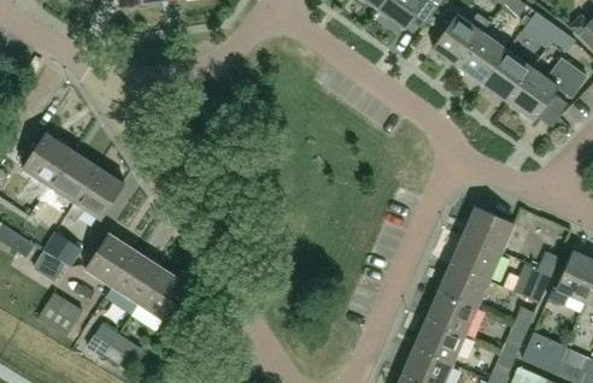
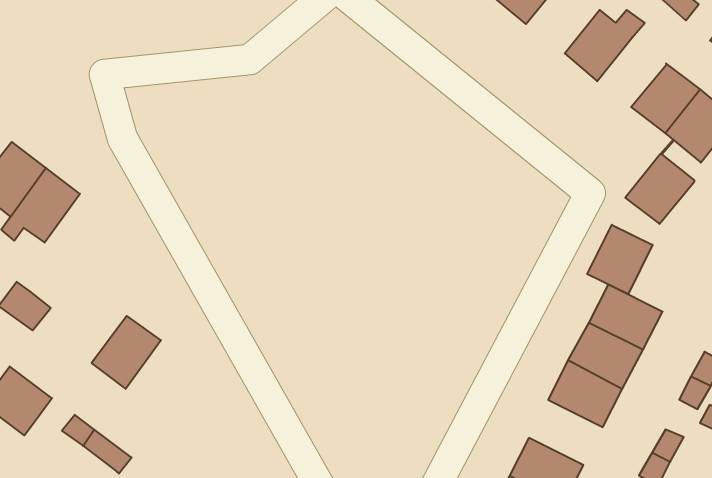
building: [458,20,506,81] -> [625,140,694,224]
building: none -> [587,225,653,294]
building: [65,166,123,222] -> none
building: [86,232,135,285] -> none
building: [137,266,188,319] -> none
building: [425,291,477,336] -> none

